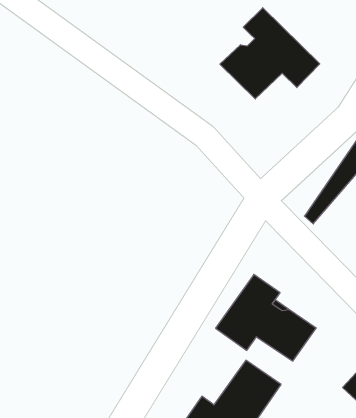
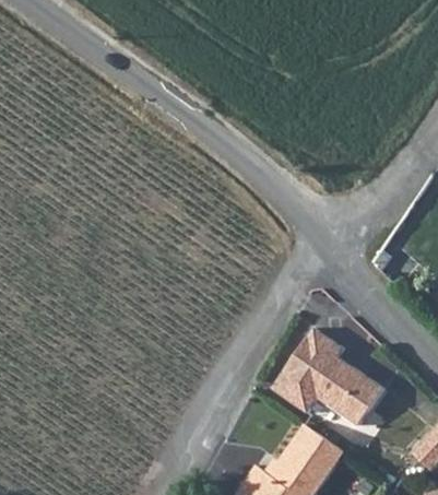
building: [220,8,320,99] -> none

